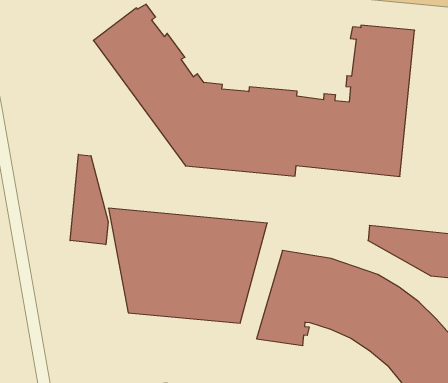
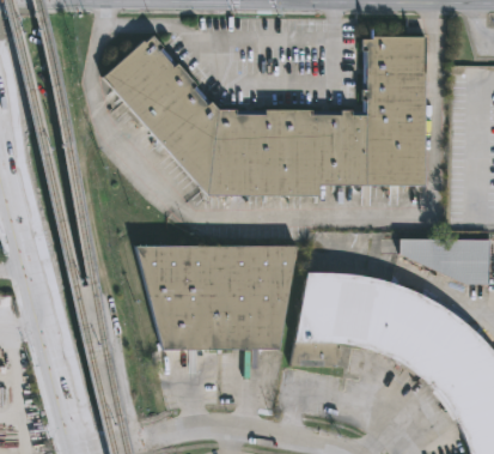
building: [70,154,108,245] -> none

